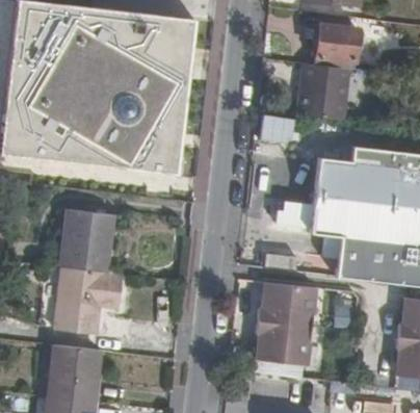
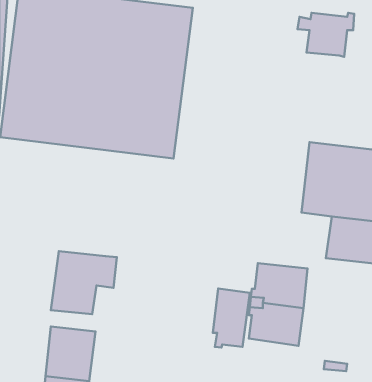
building: [298,63,348,121] -> none
building: [258,117,292,146] -> none
building: [61,207,116,274] -> none
building: none -> [213,288,250,348]

